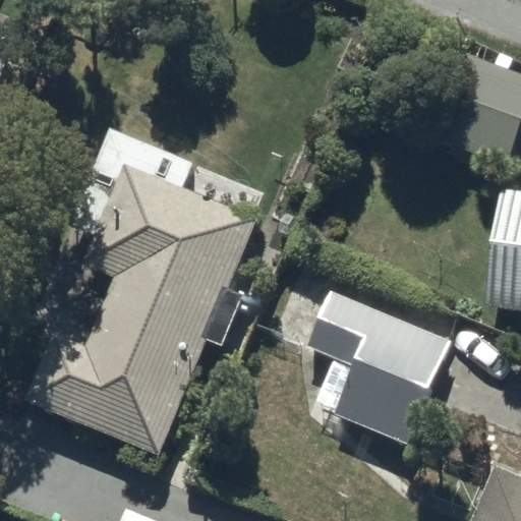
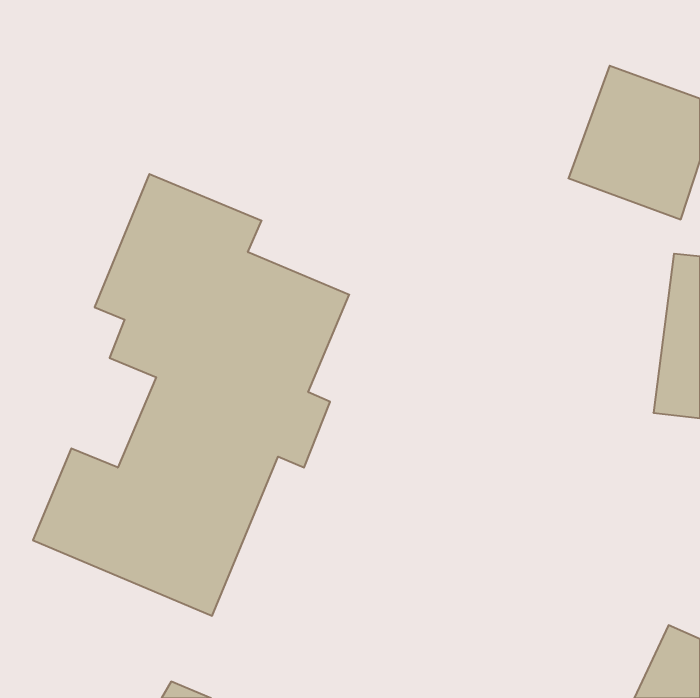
building: [306,289,451,443] -> none

